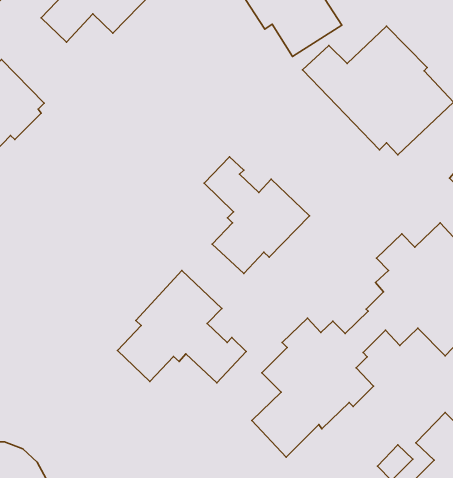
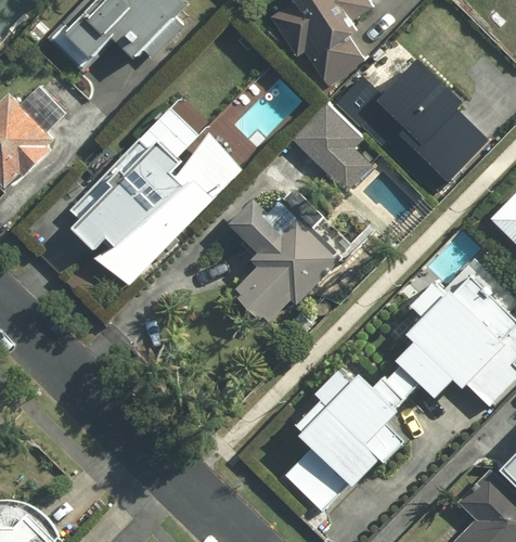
building: none -> [289,103,371,194]
building: none -> [67,106,238,276]
building: [118,270,246,383] -> none

